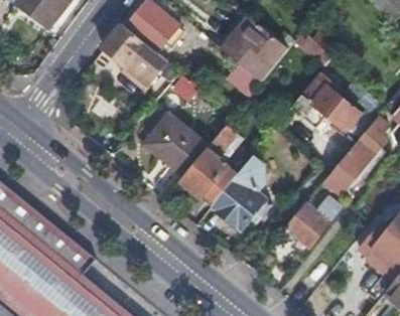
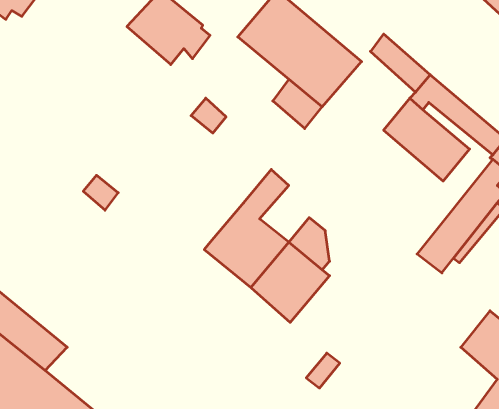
building: [103,22,167,84] -> none
building: [145,116,207,175] -> none
building: [283,194,335,246] -> none

